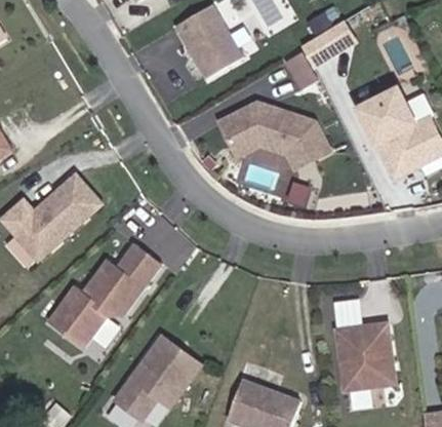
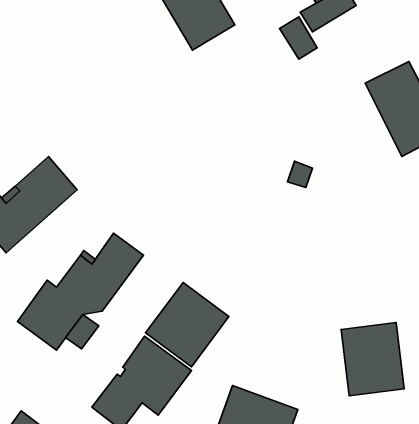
building: [219,99,329,169] -> none
building: none -> [146,282,229,367]

